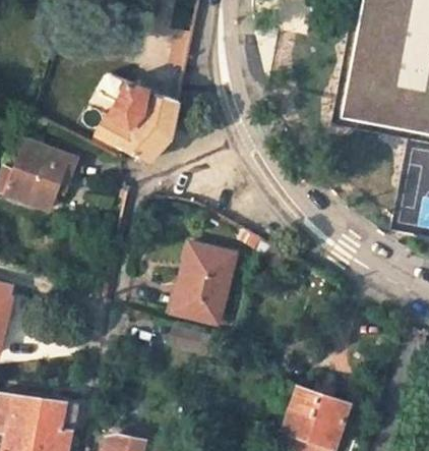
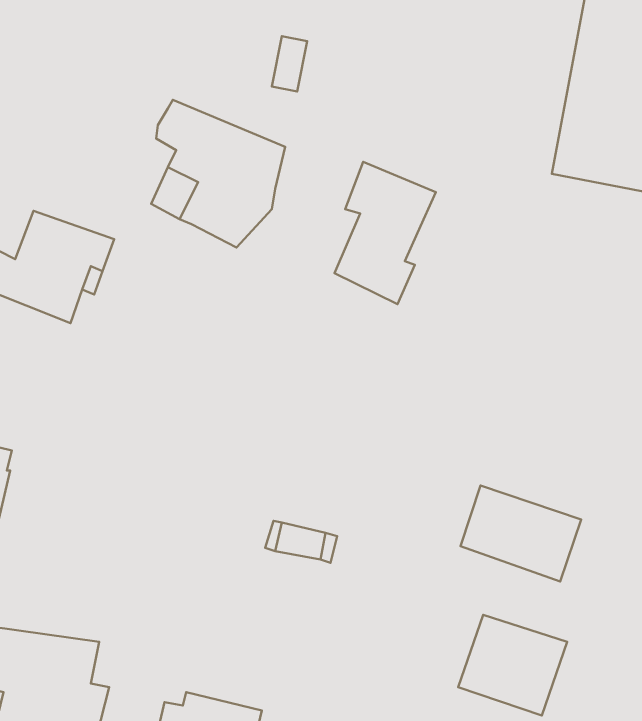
building: none -> [334,162,436,304]
building: [180,241,237,323] -> none
building: none -> [461,485,581,581]

